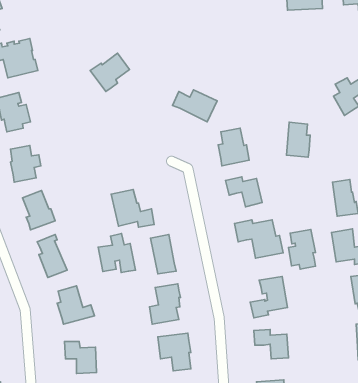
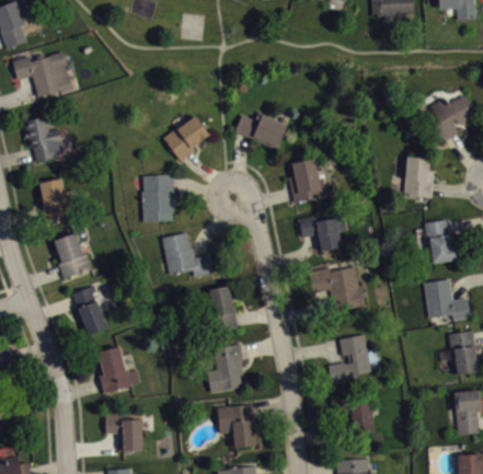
building: [90,53,130,91] -> [162,115,209,161]
building: [286,122,310,157] -> [404,155,433,197]
building: none -> [141,174,175,221]
building: [289,230,315,269] -> none
building: [98,233,136,272] -> none

